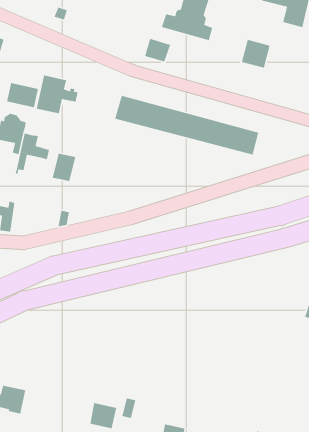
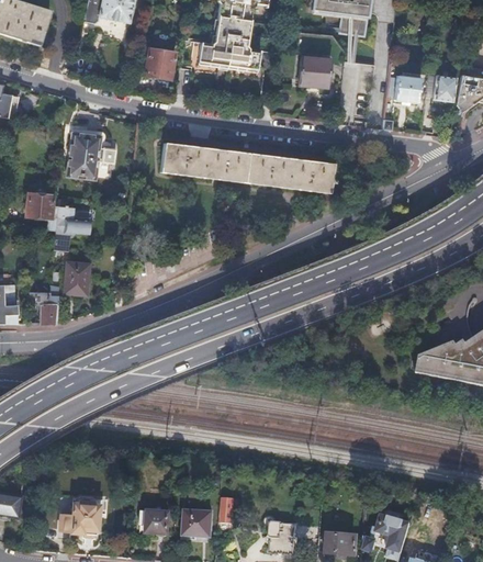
building: [144,38,171,62] -> [145,50,175,77]
building: [6,82,39,108] -> none
building: [52,153,76,182] -> [65,257,90,289]
building: none -> [139,509,170,533]

